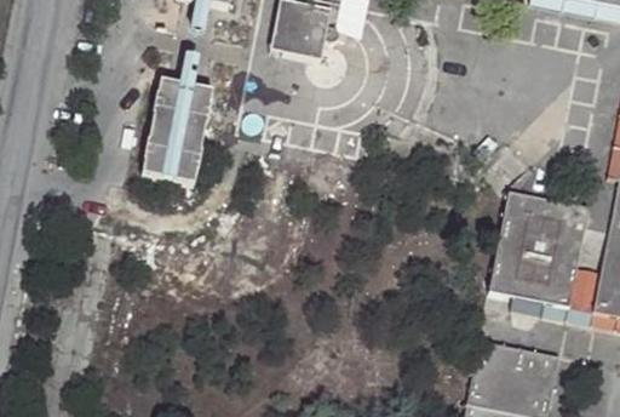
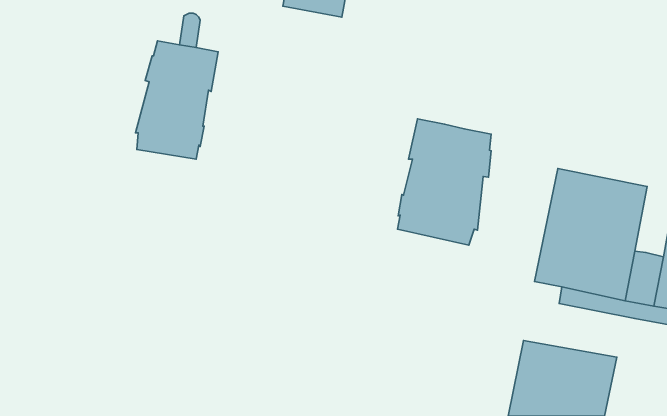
building: none -> [397,119,491,245]

